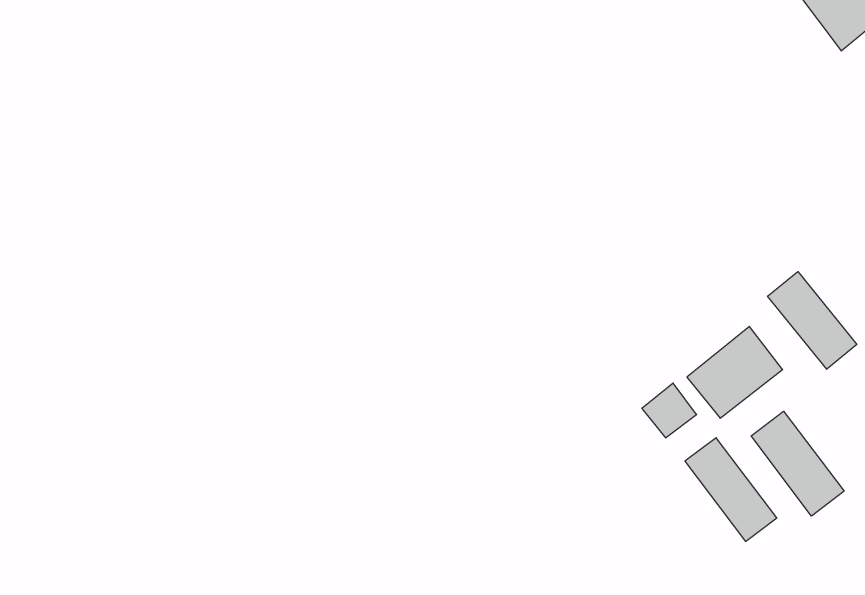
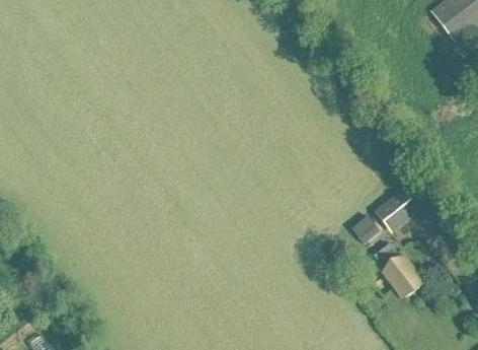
building: [768,272,857,369] -> none
building: [751,411,844,516] -> none

